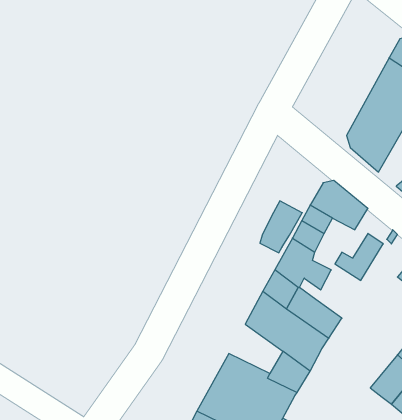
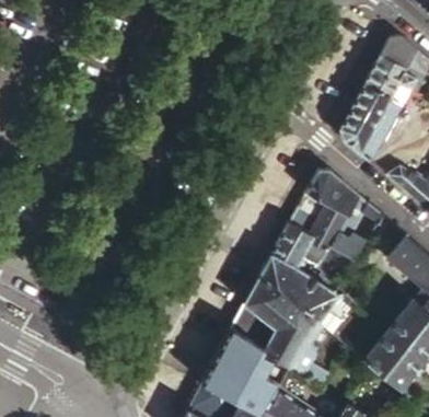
building: [260,201,302,253] -> [308,205,347,253]
building: none -> [230,303,280,349]

